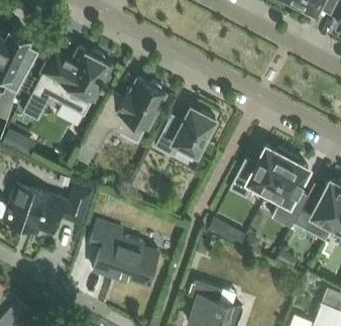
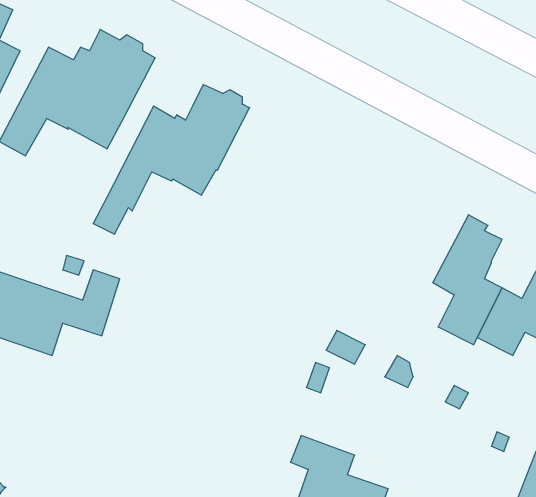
building: [154,107,216,158] -> none
building: [229,146,289,199] -> none
building: [90,223,157,285] -> none

